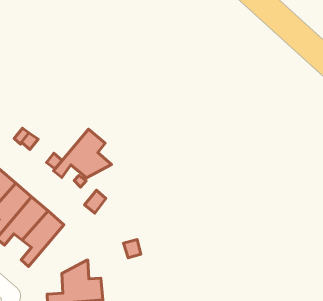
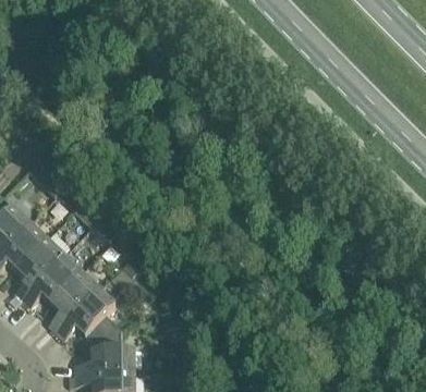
building: [53,129,112,178] -> [54,287,119,341]

